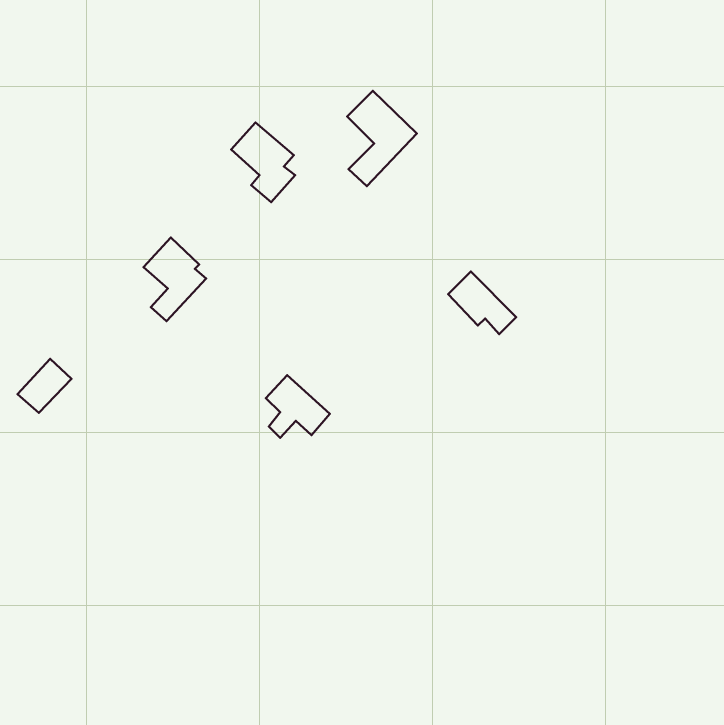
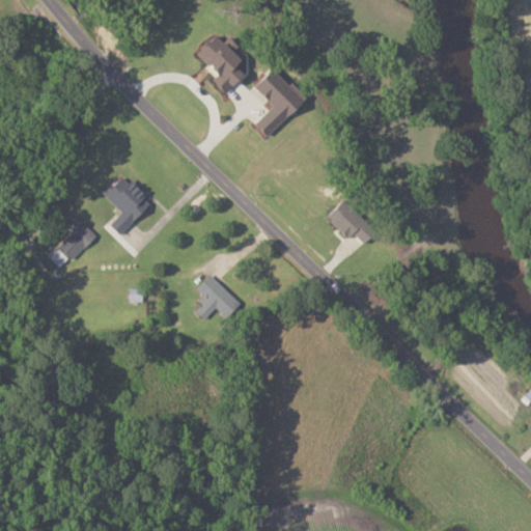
building: [231,123,295,202] -> [198,35,245,93]
building: [17,359,71,413] -> [57,221,96,260]

